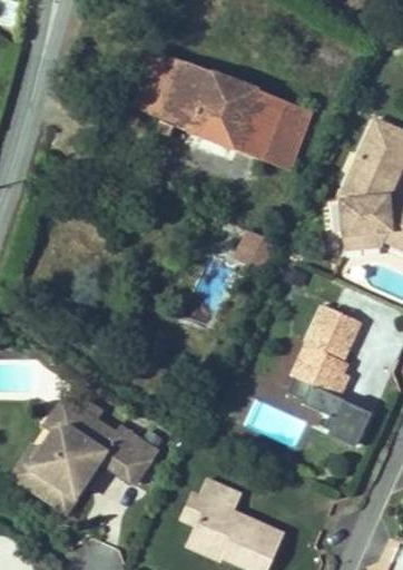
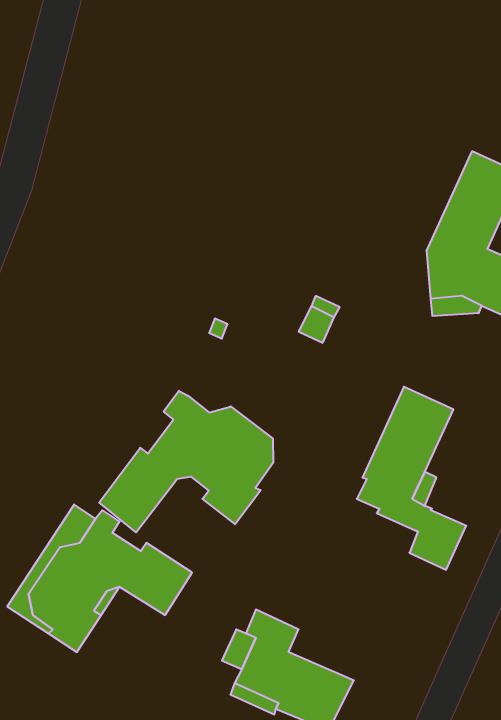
building: [132,51,311,165] -> none
building: none -> [99,391,273,532]

